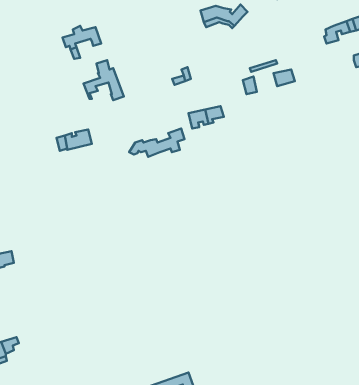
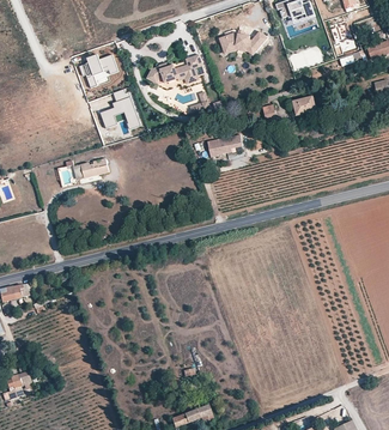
building: [129,128,185,157] -> [146,54,202,83]

